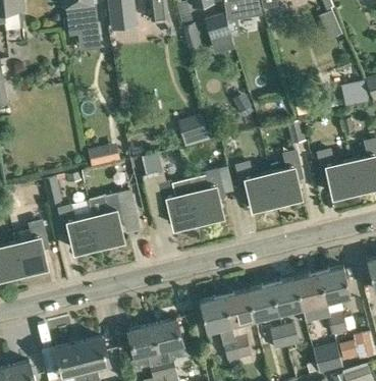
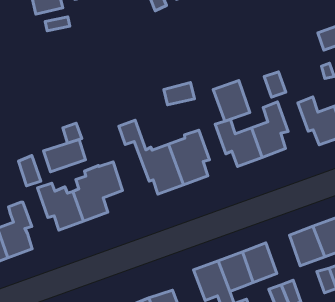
building: none -> [213,80,250,121]
building: none -> [44,140,85,172]
building: [271,279,302,315] -> none

